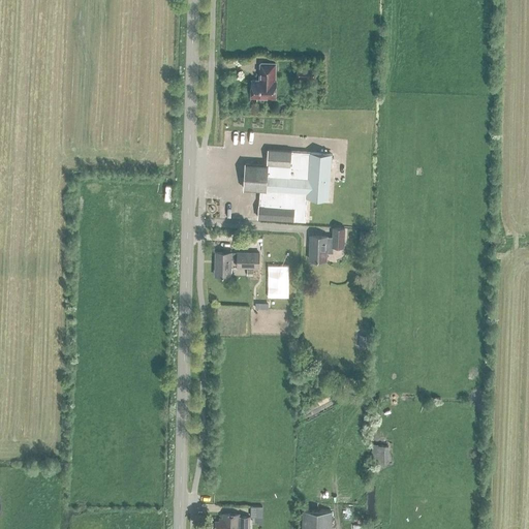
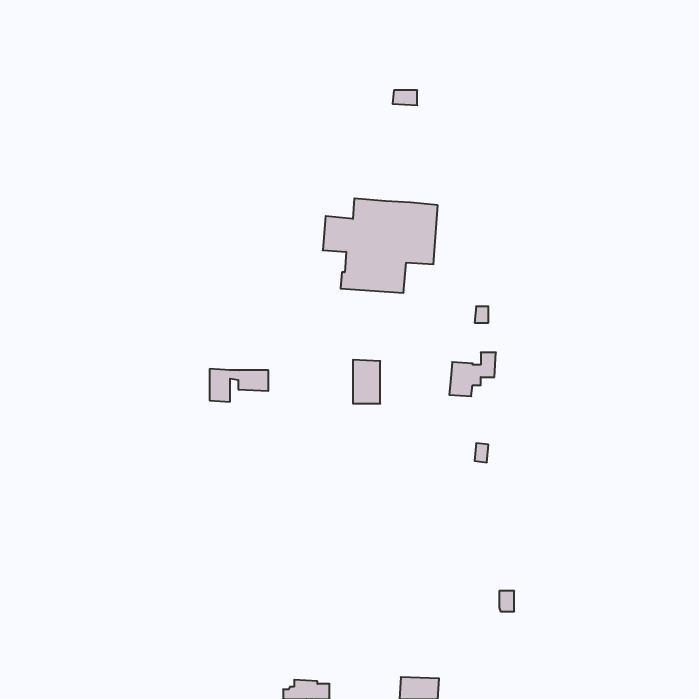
building: [250,64,276,98] -> none
building: [309,228,344,261] -> [449,352,496,396]
building: [215,252,259,277] -> [210,369,268,402]

